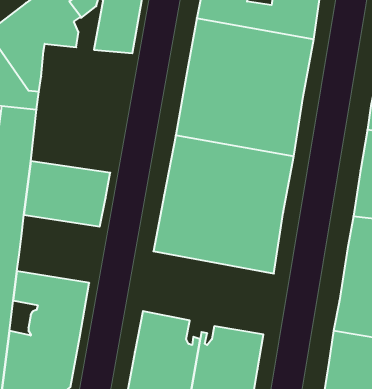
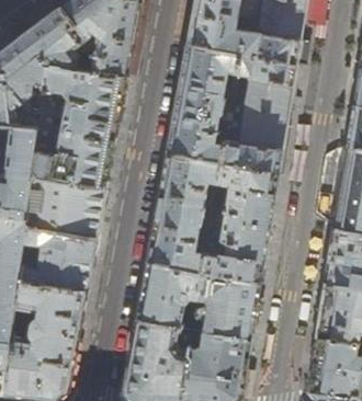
building: none -> [31,69,126,190]
building: none -> [18,229,95,293]
building: none -> [136,263,259,341]

